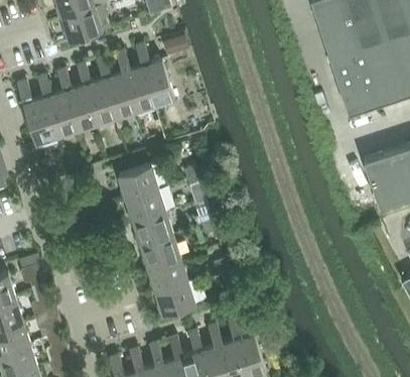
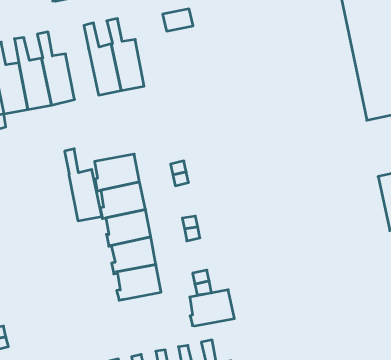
building: [136,46,175,108] -> none
building: [78,65,116,126] -> [65,149,102,221]
building: [156,283,196,318] -> [190,290,234,326]

